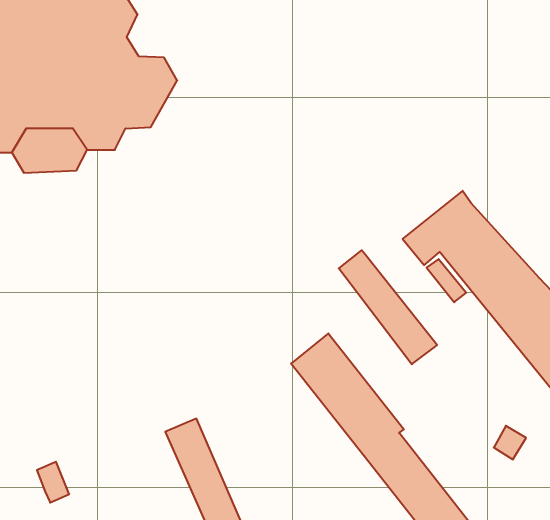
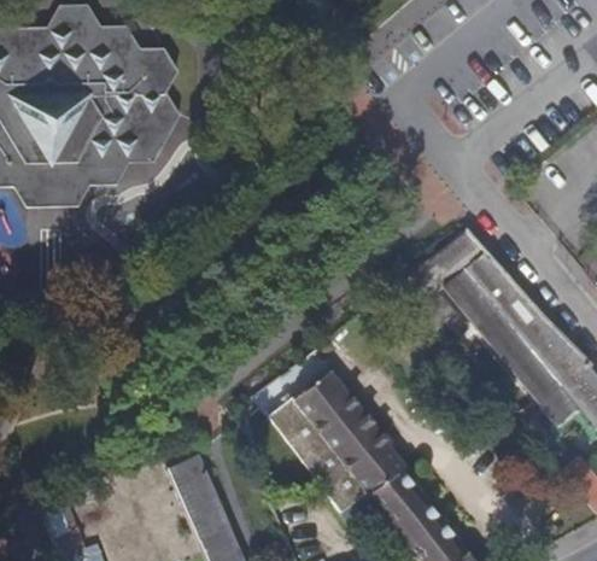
building: none -> [130,48,178,93]
building: [339,250,437,364] -> [270,398,369,513]

